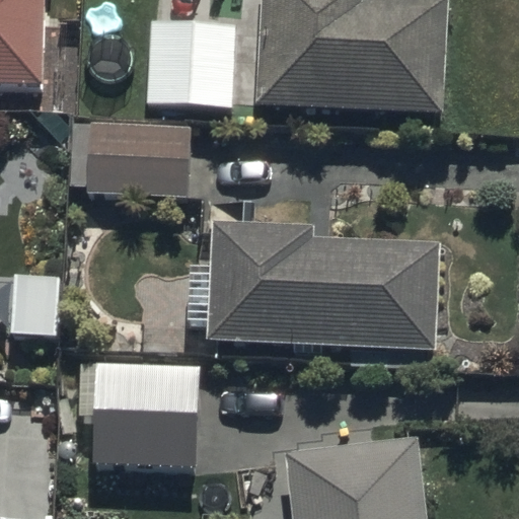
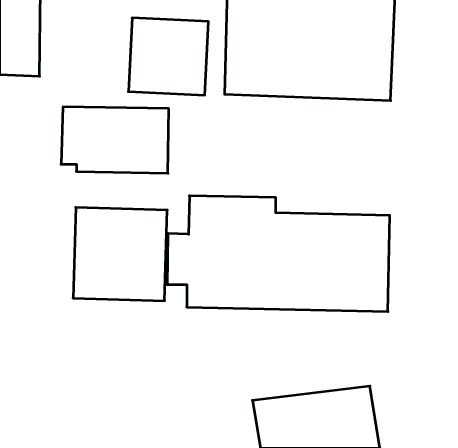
building: [93,350,200,455] -> [73,207,167,301]

